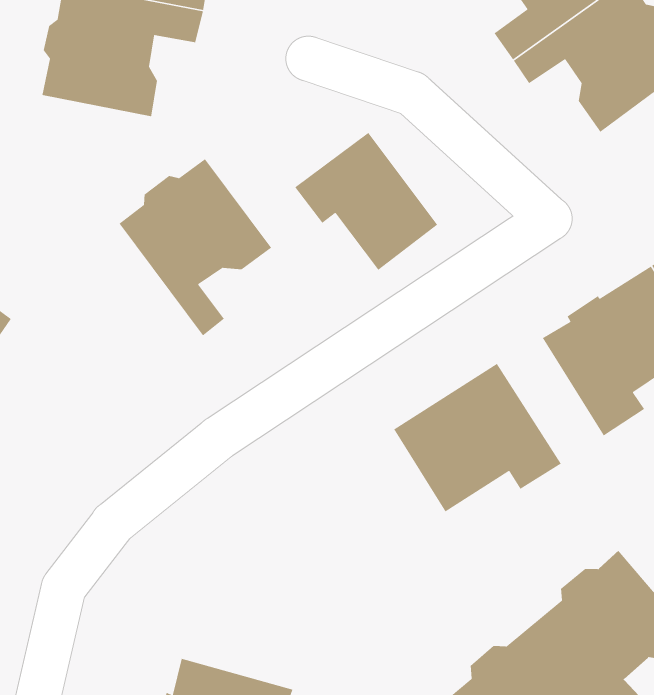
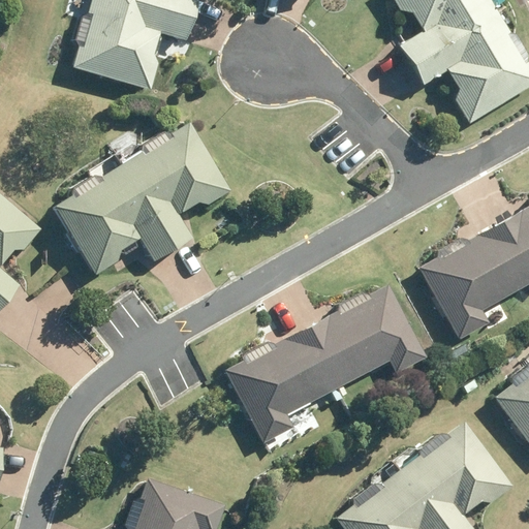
building: [294,132,438,271] -> none
building: none -> [54,165,178,276]
building: none -> [226,325,342,443]

